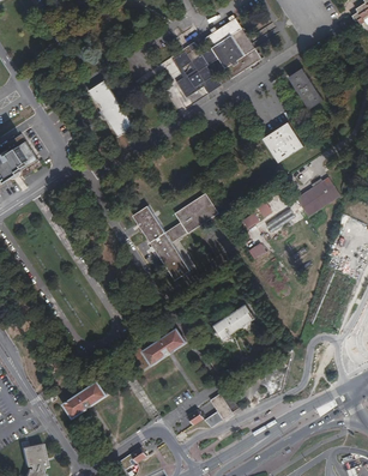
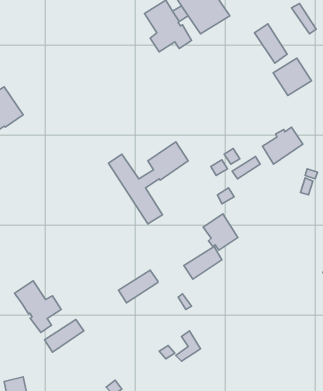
building: [88,80,134,137] -> none
building: [263,122,303,162] -> [273,58,311,95]
building: none -> [203,214,238,250]
building: none -> [15,281,61,332]

